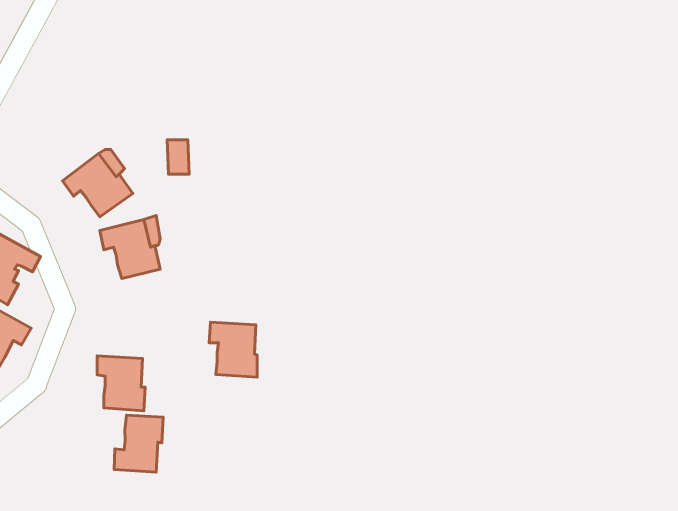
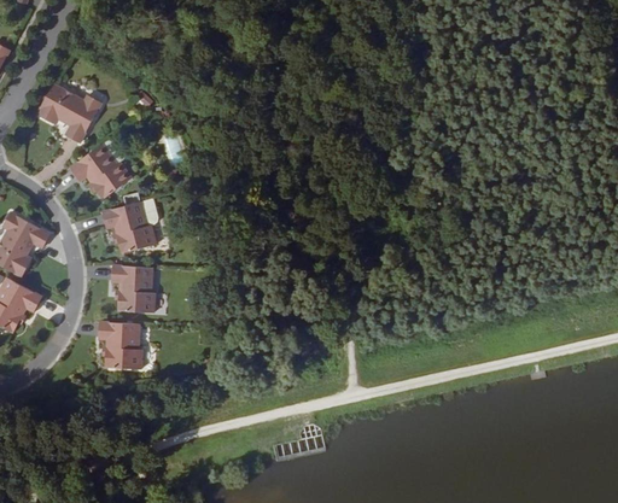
building: none -> [36,84,103,144]
building: [209,322,257,377] -> [112,264,154,312]
building: [114,415,163,472] -> none

